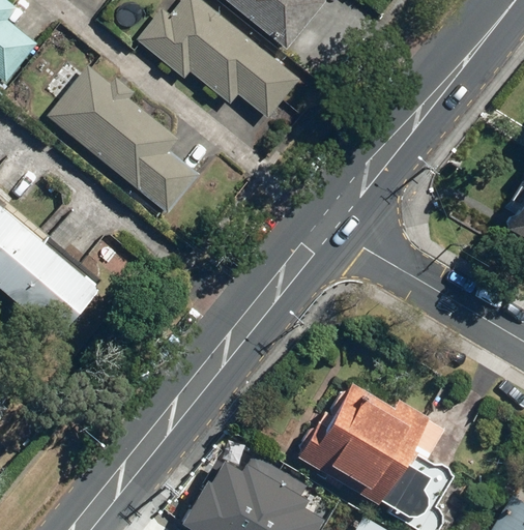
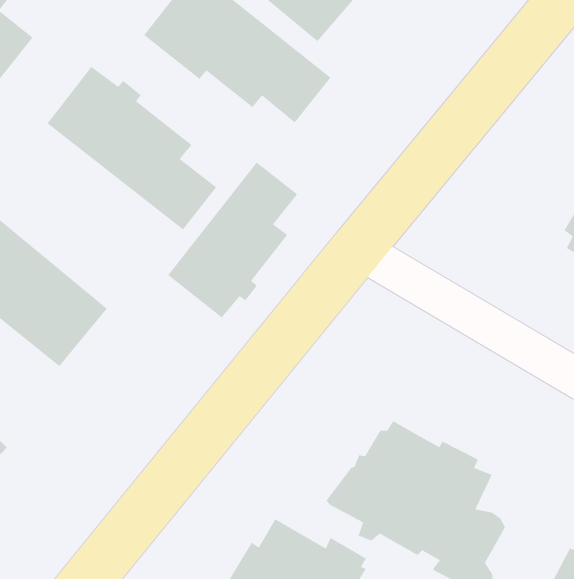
building: none -> [167,161,298,319]

